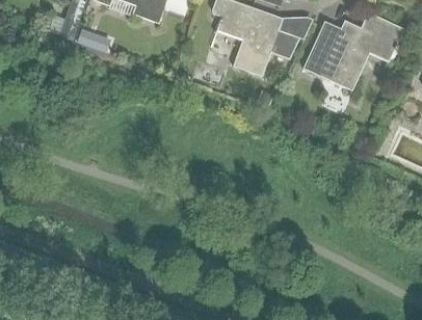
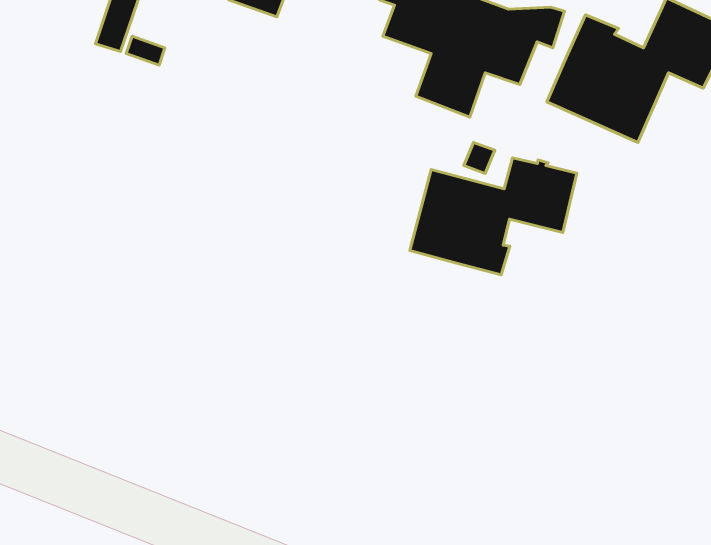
building: none -> [410,158,577,275]

